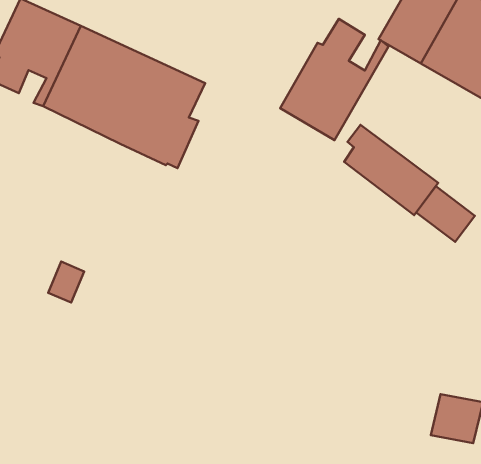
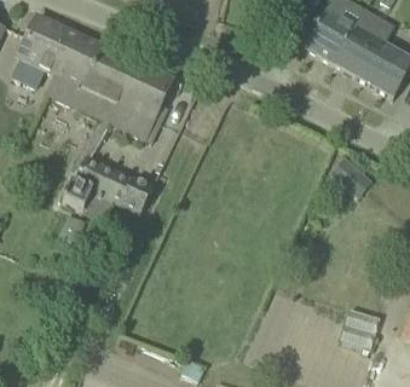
building: [280,19,388,140] -> none
building: [344,125,438,215] -> none
building: none -> [64,157,154,214]

